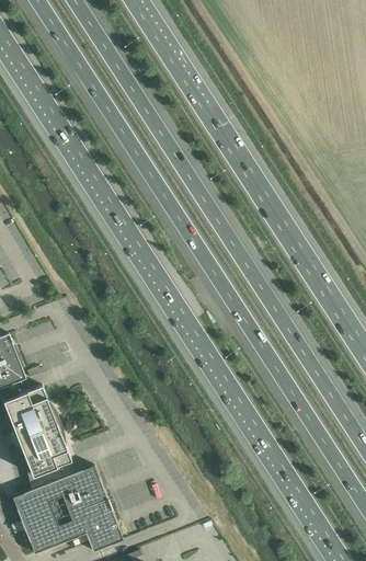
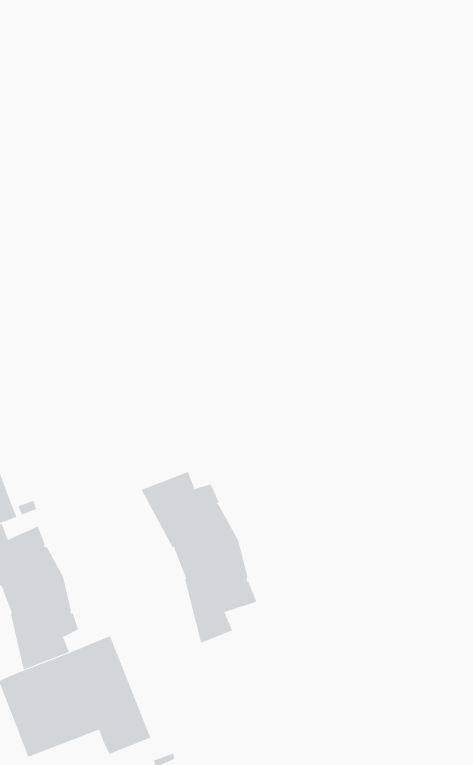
building: none -> [141,471,257,644]

